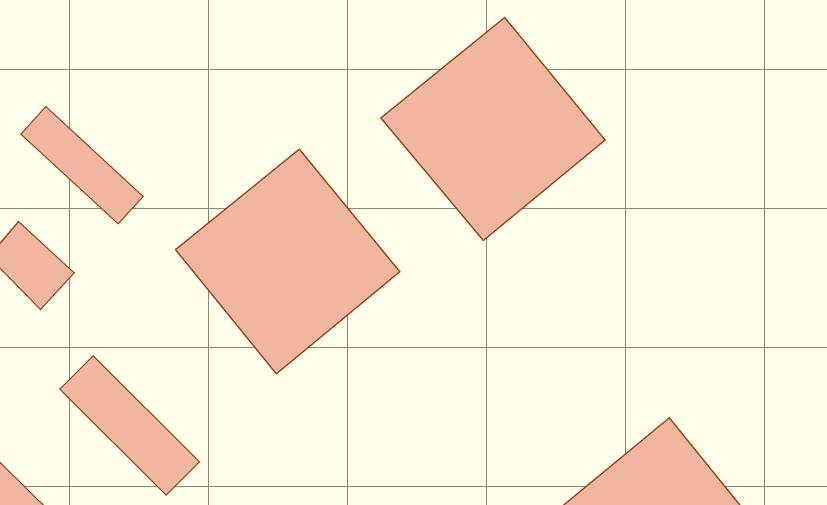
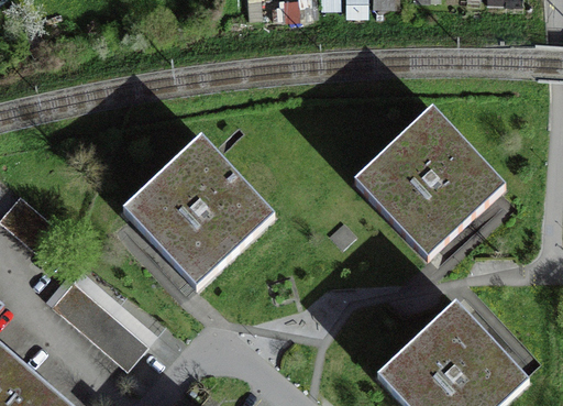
building: [381,17,605,240] -> [355,110,504,257]
building: [21,107,143,224] -> none

